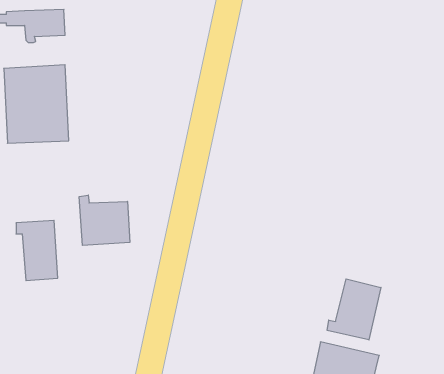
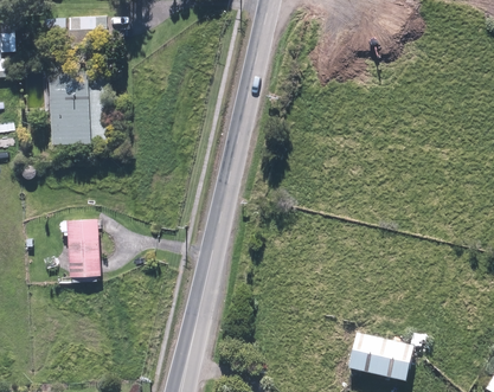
building: [79,195,130,245] -> none
building: [327,279,381,340] -> none

